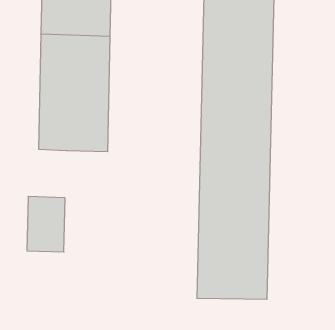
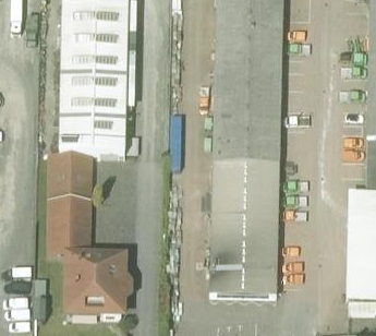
building: none -> [50,148,86,194]
building: none -> [69,252,130,311]

